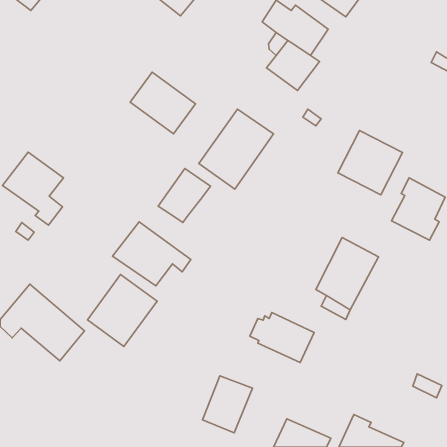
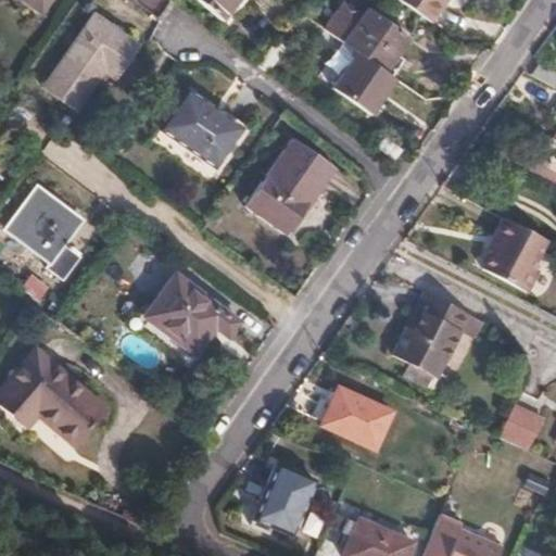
building: none -> [45,14,140,110]
building: [338,131,402,195] -> none
building: [158,168,210,222] -> none
building: [87,274,157,347] -> none
building: none -> [501,405,545,451]

